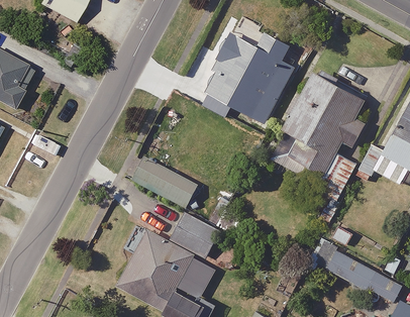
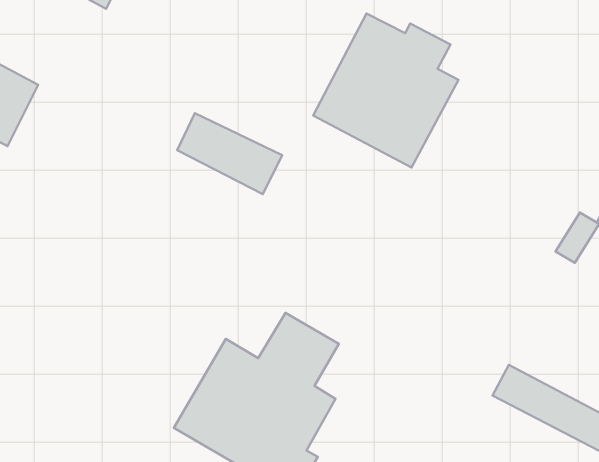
building: [270,70,365,201] -> none
building: [132,159,198,209] -> [177,113,282,194]

